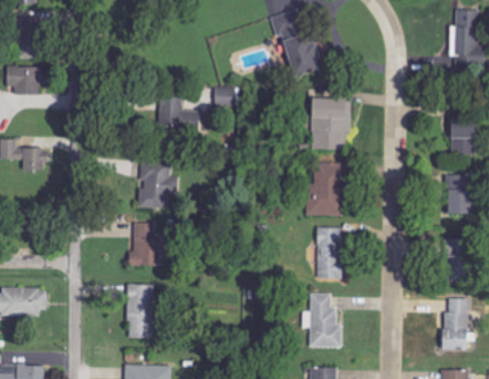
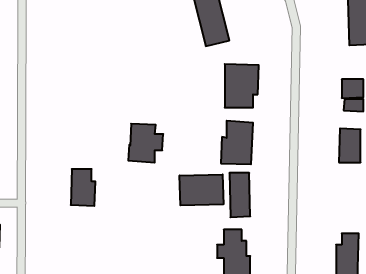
building: [209,86,237,106] -> none
building: [157,98,198,133] -> none
building: [137,162,178,207] -> [128,124,163,163]
building: none -> [180,174,223,205]
building: [441,236,465,279] -> none
building: [126,283,153,337] -> none

